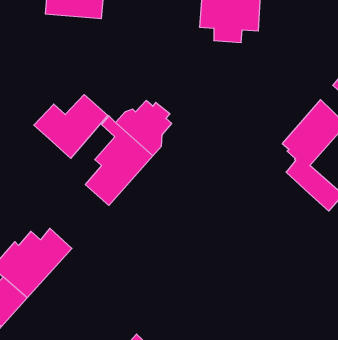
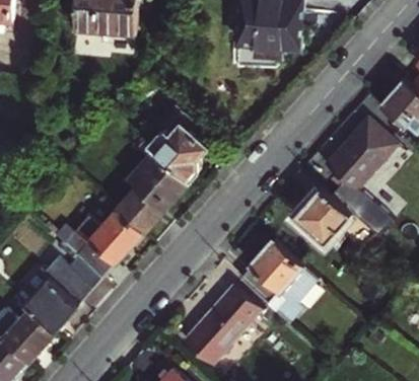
building: [34,95,108,158] -> [62,210,141,278]
building: none -> [294,187,354,247]
building: none -> [239,240,319,324]
building: none -> [184,286,262,366]

